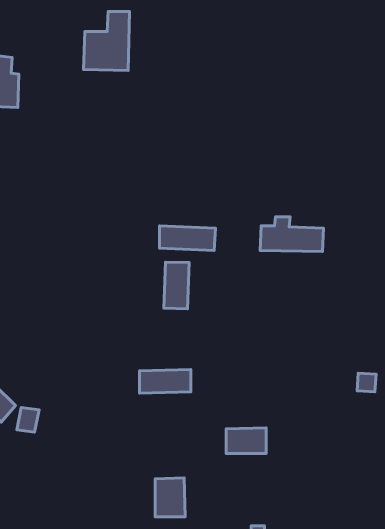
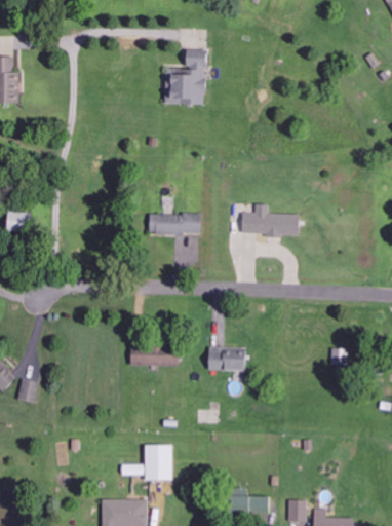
building: [84,11,129,71] -> [164,50,206,105]
building: none -> [8,212,29,231]
building: [164,262,189,309] -> none
building: [226,428,266,453] -> [208,347,245,371]

